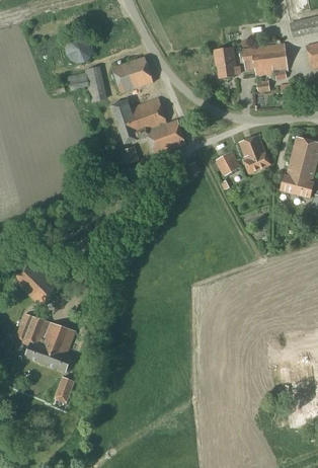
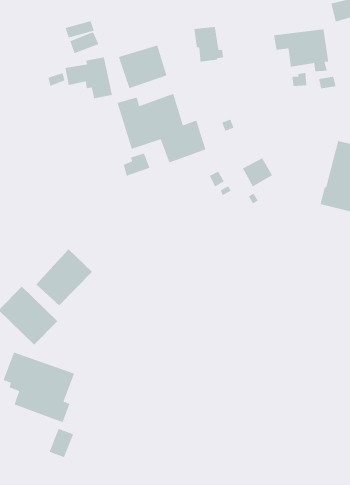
building: [214,48,239,78] -> [194,26,224,63]
building: [238,135,270,173] -> none
building: none -> [35,248,93,306]

